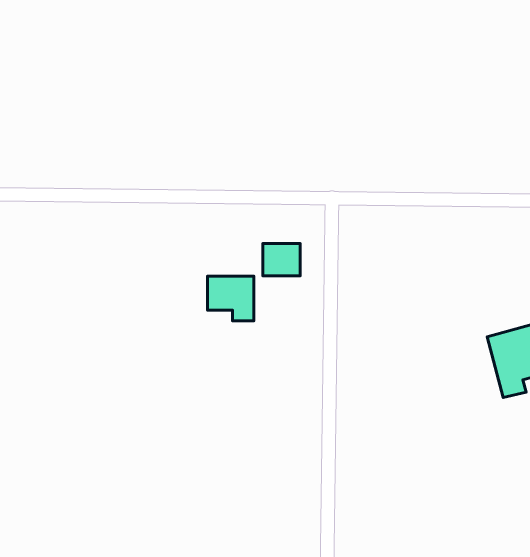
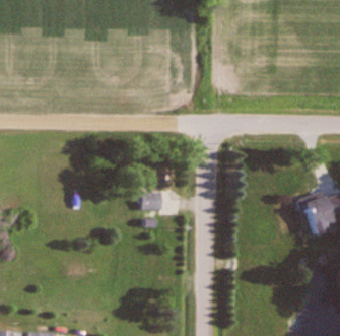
building: [263,244,300,276] -> [141,194,162,212]

